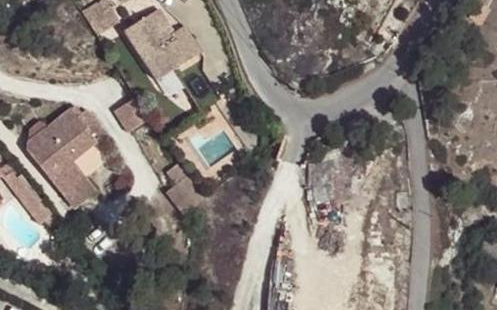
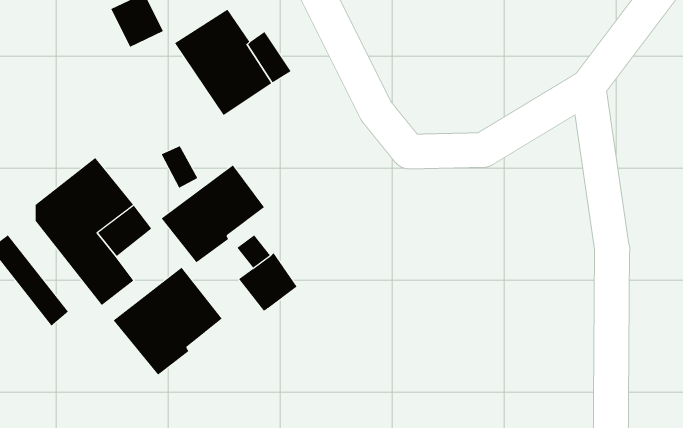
building: none -> [161,165,265,263]
building: none -> [113,267,222,375]

